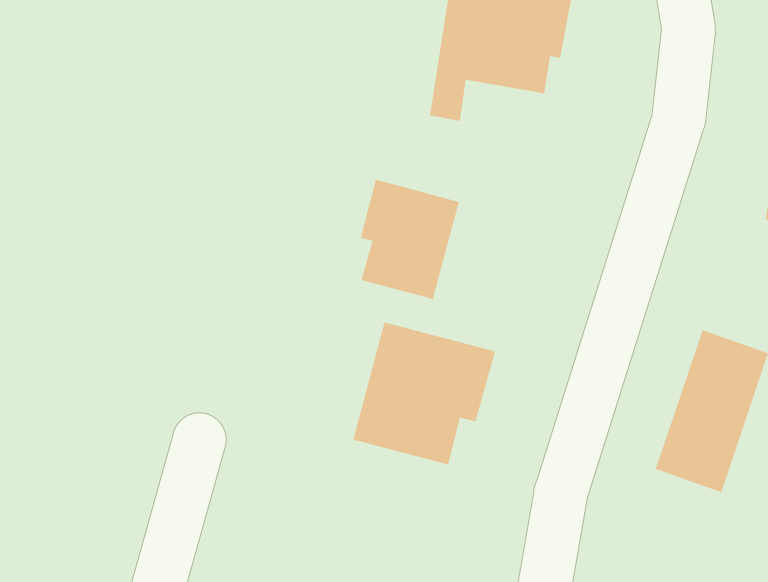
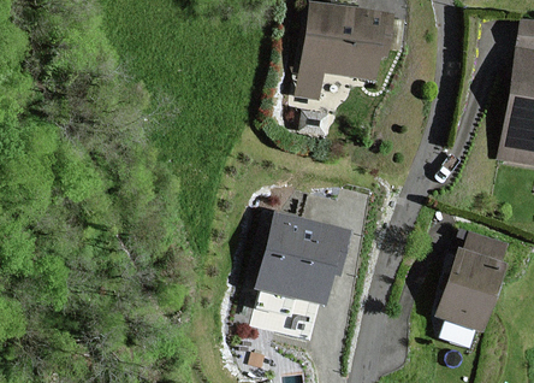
building: [360,179,460,300] -> none

